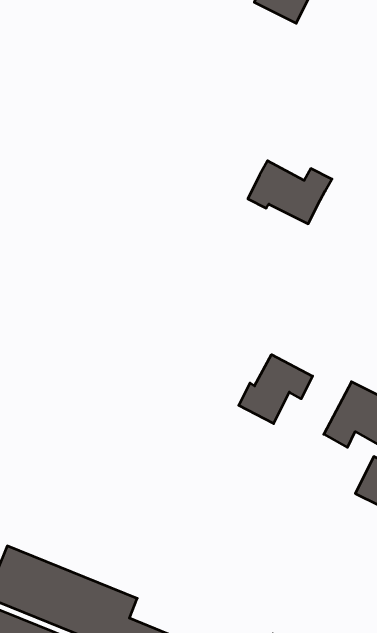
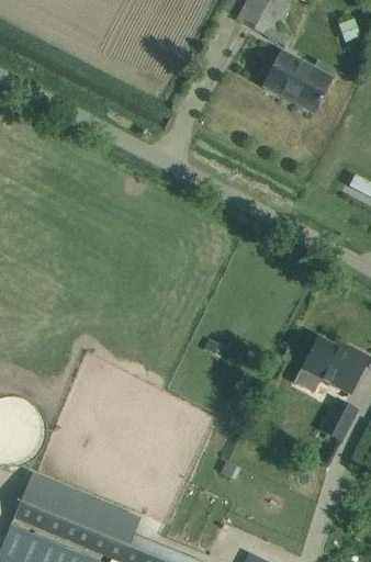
building: [248,161,332,224] -> [265,55,335,108]
building: [239,355,313,424] -> none

